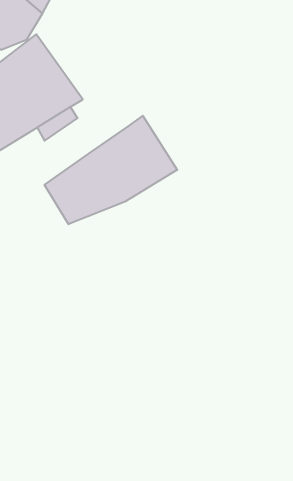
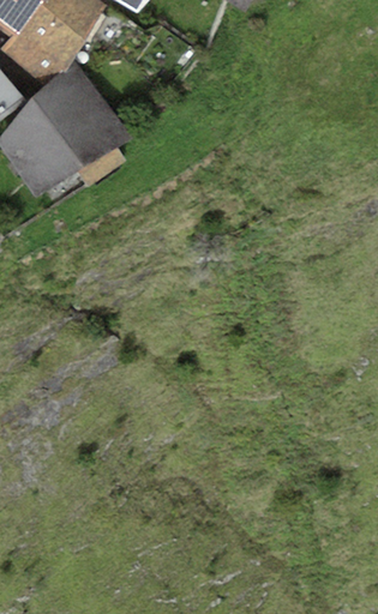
building: [45,116,177,224] -> none

